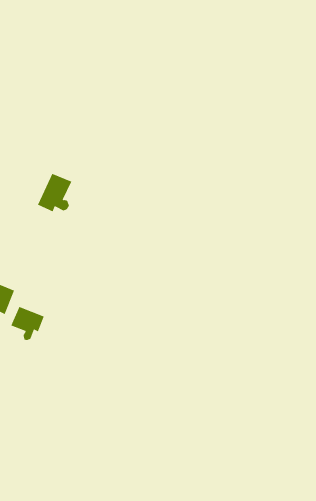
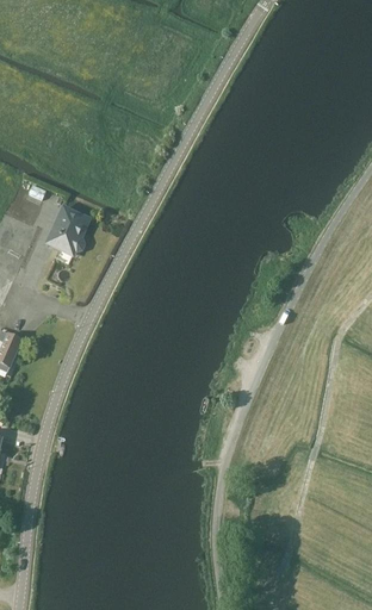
building: [11,306,45,341] -> none

